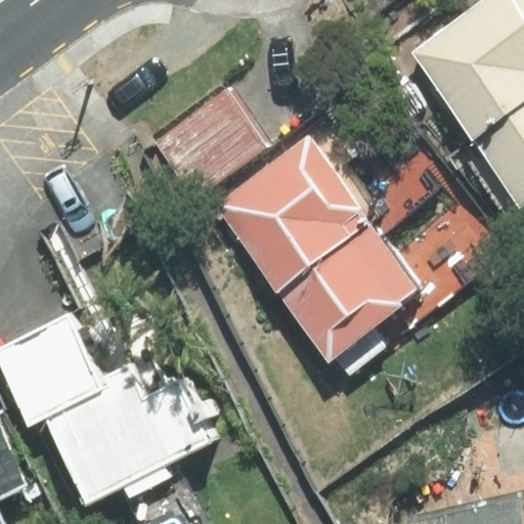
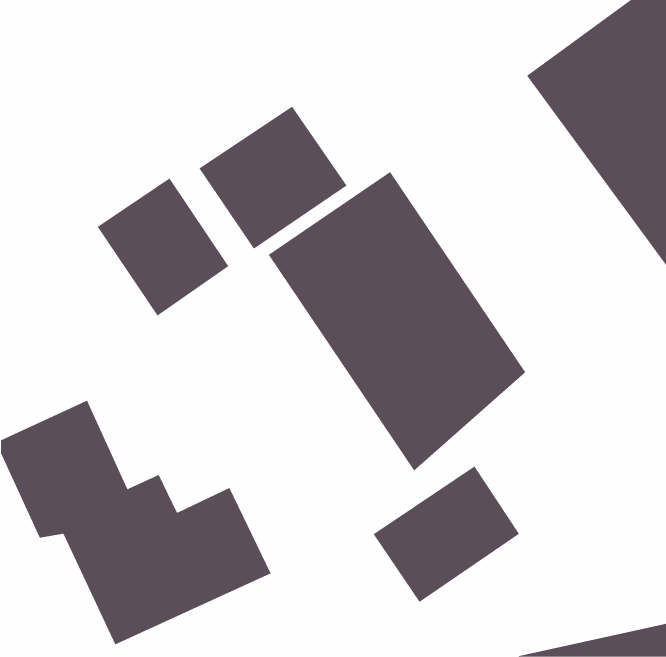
building: none -> [97,178,229,316]
building: none -> [373,465,520,603]

